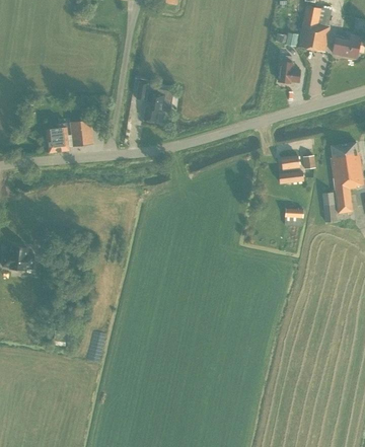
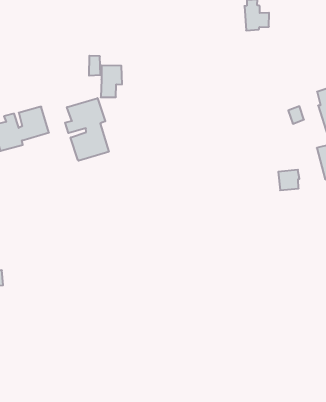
building: none -> [65,98,109,161]
building: [279,155,303,182] -> none

